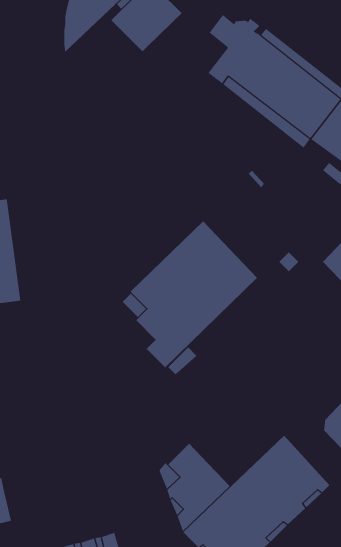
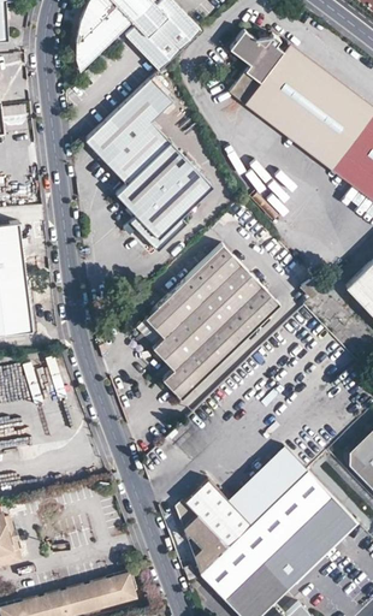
building: none -> [83,77,213,250]
building: none -> [227,446,307,525]

